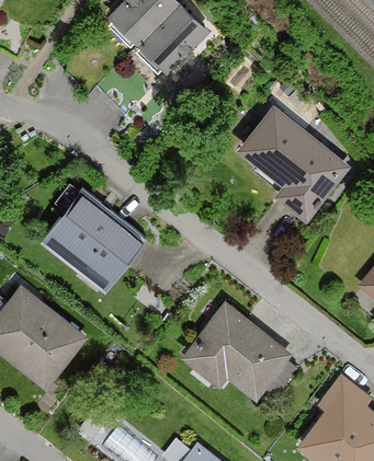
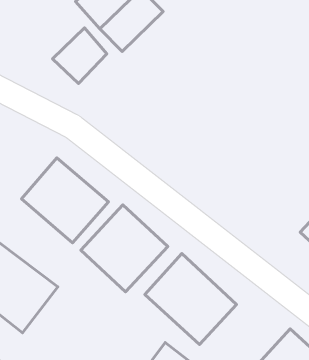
building: none -> [53,28,107,84]
building: [240,107,350,223] -> none
building: none -> [81,205,168,292]

